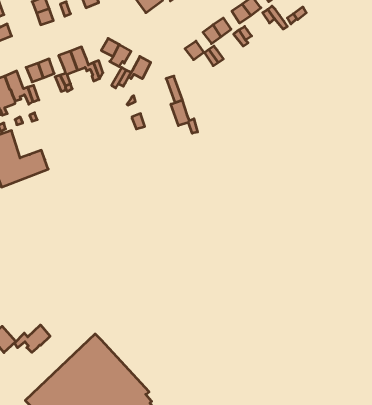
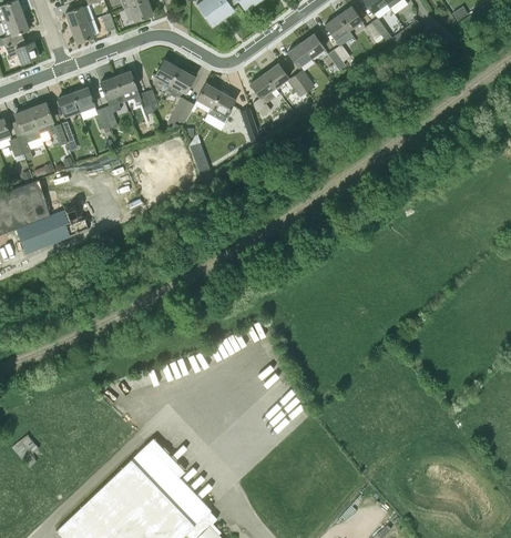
building: none -> [251,73,275,115]
building: none -> [207,91,235,123]
building: [171,100,198,133] -> none
building: [14,325,50,352] -> none

